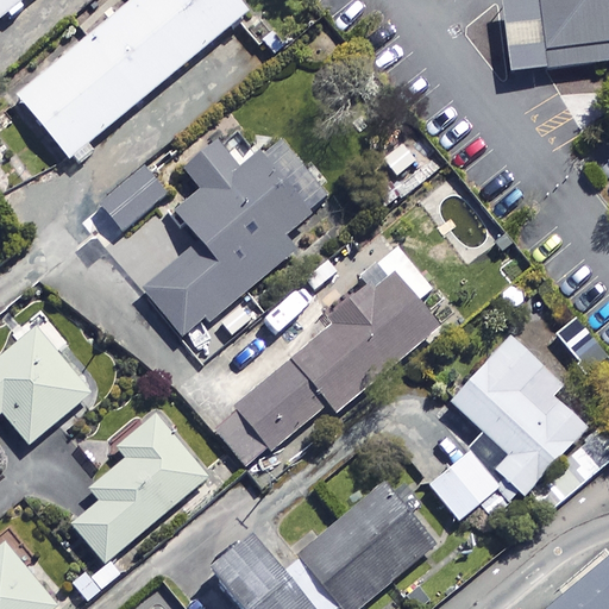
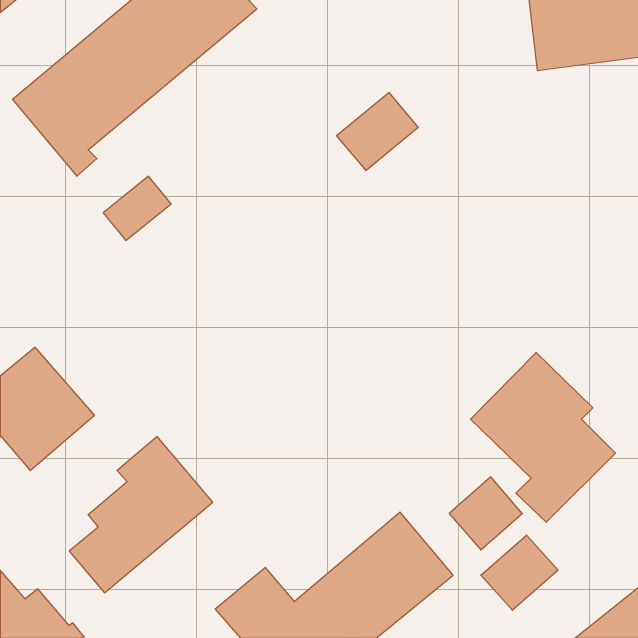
building: none -> [337,93,418,171]
building: [142,127,324,338] -> none
building: [214,247,437,470] -> none
building: none -> [481,535,558,610]

